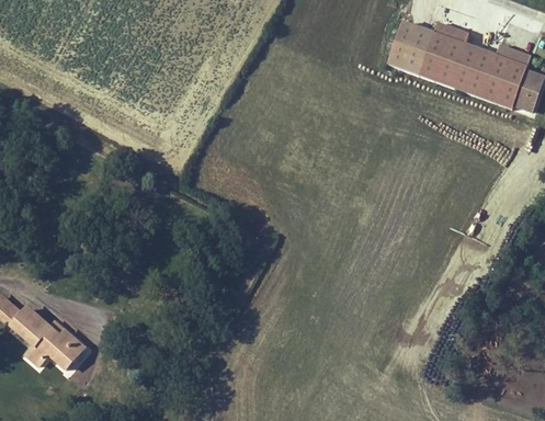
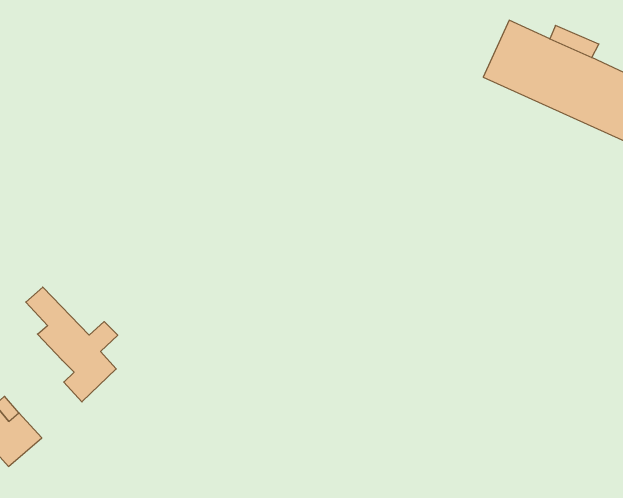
building: none -> [26,287,118,402]

